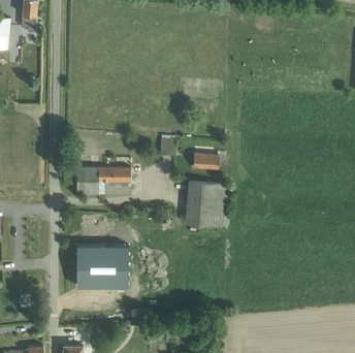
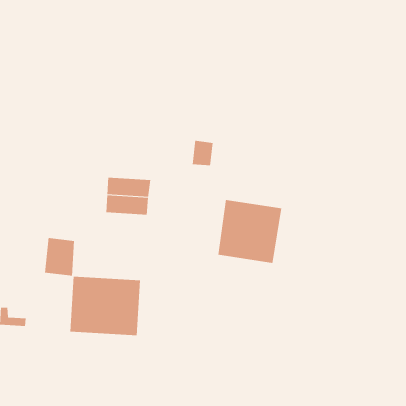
building: [192,150,224,168] -> none
building: [75,166,97,194] -> [44,238,75,276]

